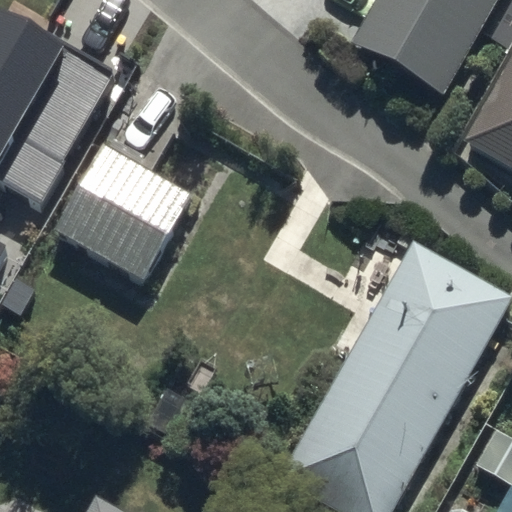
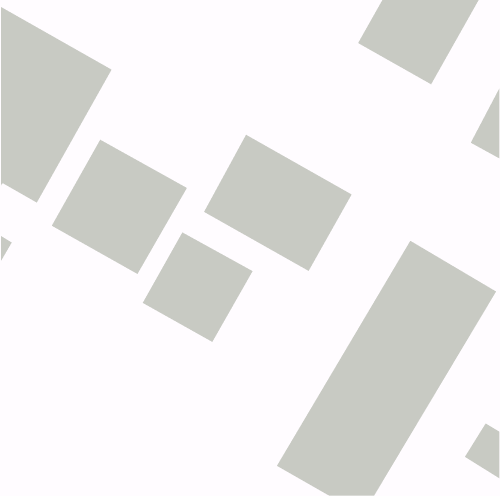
building: none -> [203,134,352,272]
building: none -> [142,231,254,343]

